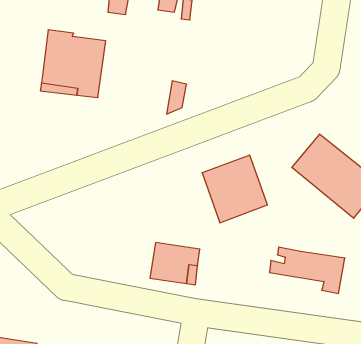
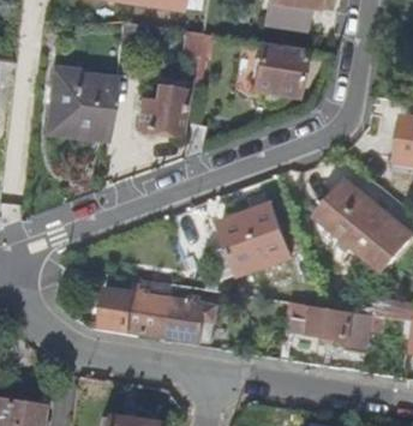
building: none -> [252,42,306,97]
building: none -> [139,85,187,134]
building: none -> [106,283,173,336]

